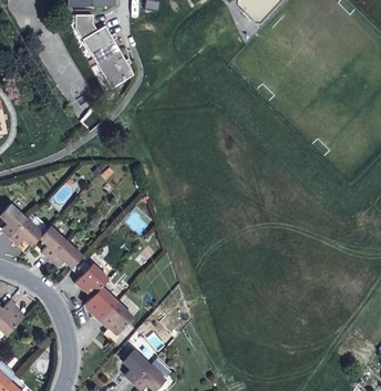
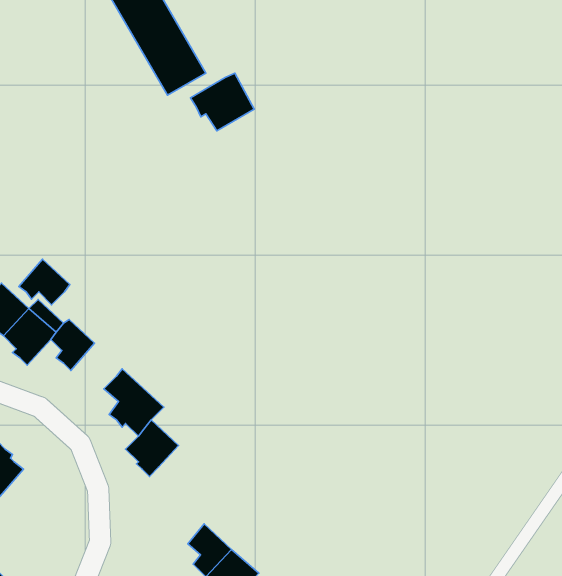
building: none -> [190,73,254,131]
building: [52,240,83,268] -> [19,259,70,305]
building: [100,302,134,335] -> none

